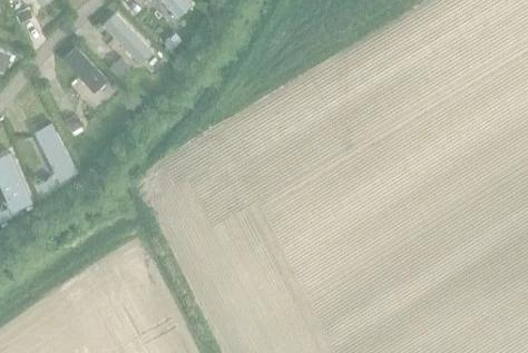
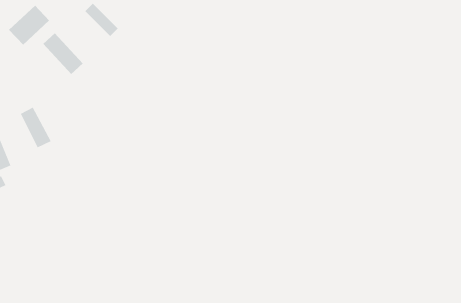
building: none -> [8,5,50,46]

